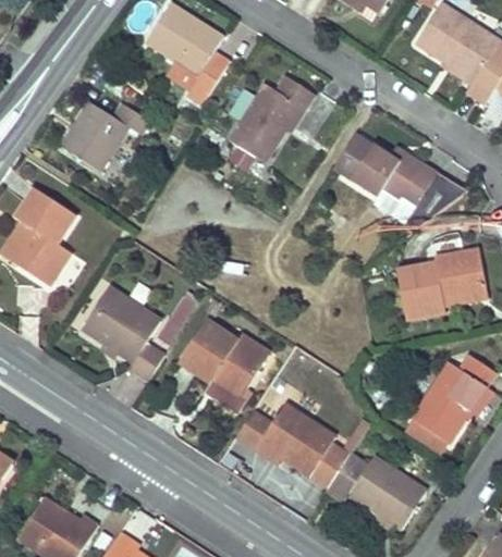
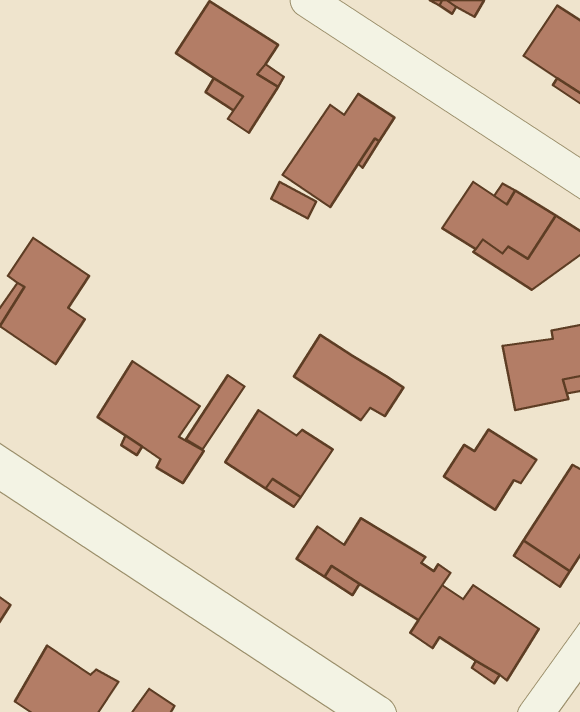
building: [58,99,148,170] -> none
building: [333,129,375,177] -> none
building: none -> [294,335,403,420]
building: none -> [444,430,537,510]

